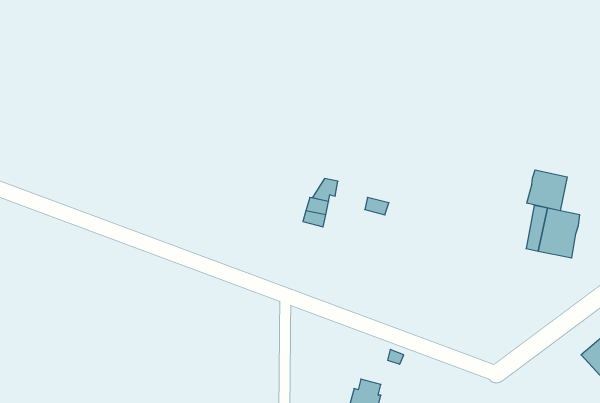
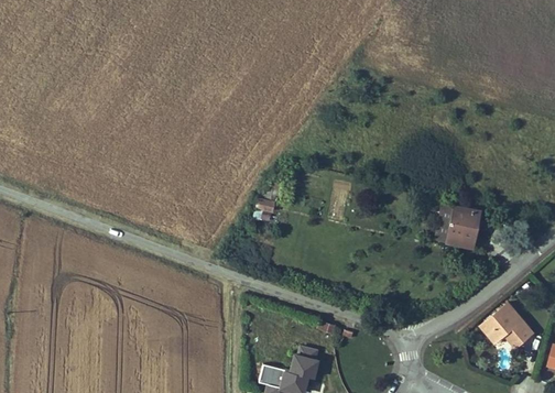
building: [527,170,567,211] -> none

